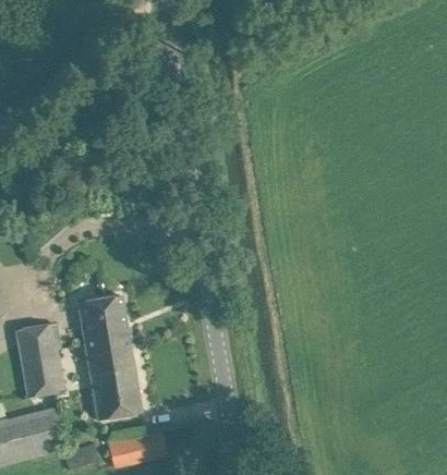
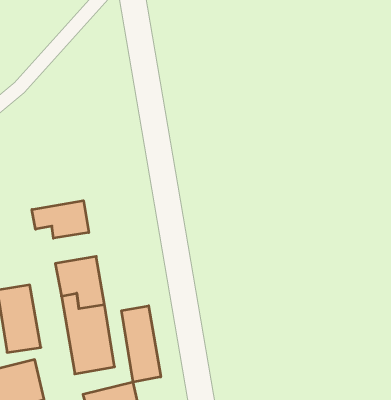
building: none -> [32,201,89,238]
building: none -> [122,306,161,382]

